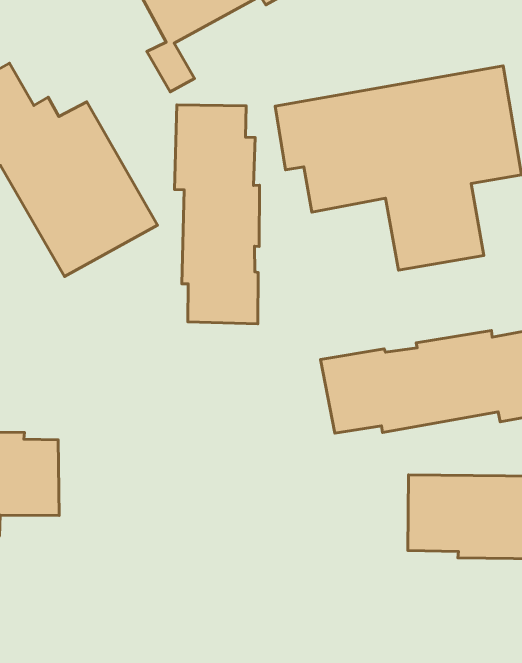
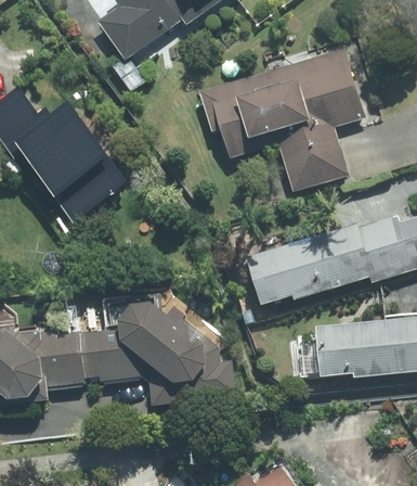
building: [174,105,260,324] -> none
building: none -> [80,292,238,404]

